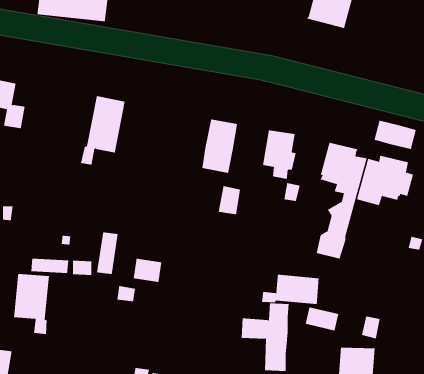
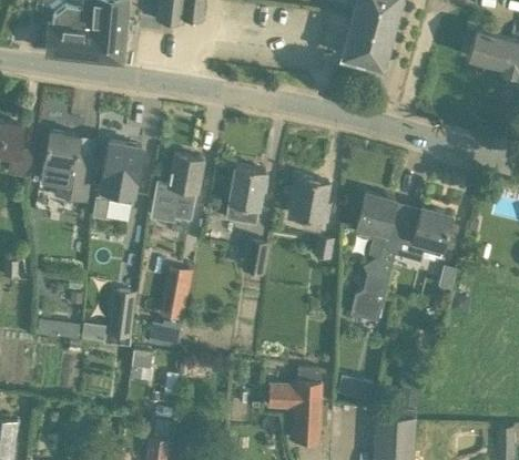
building: none -> [41,132,93,203]
building: none -> [152,156,203,219]
building: [374,120,416,150] -> none
building: none -> [161,269,192,321]
building: [13,273,49,335] -> none
building: [262,274,319,305] -> none

